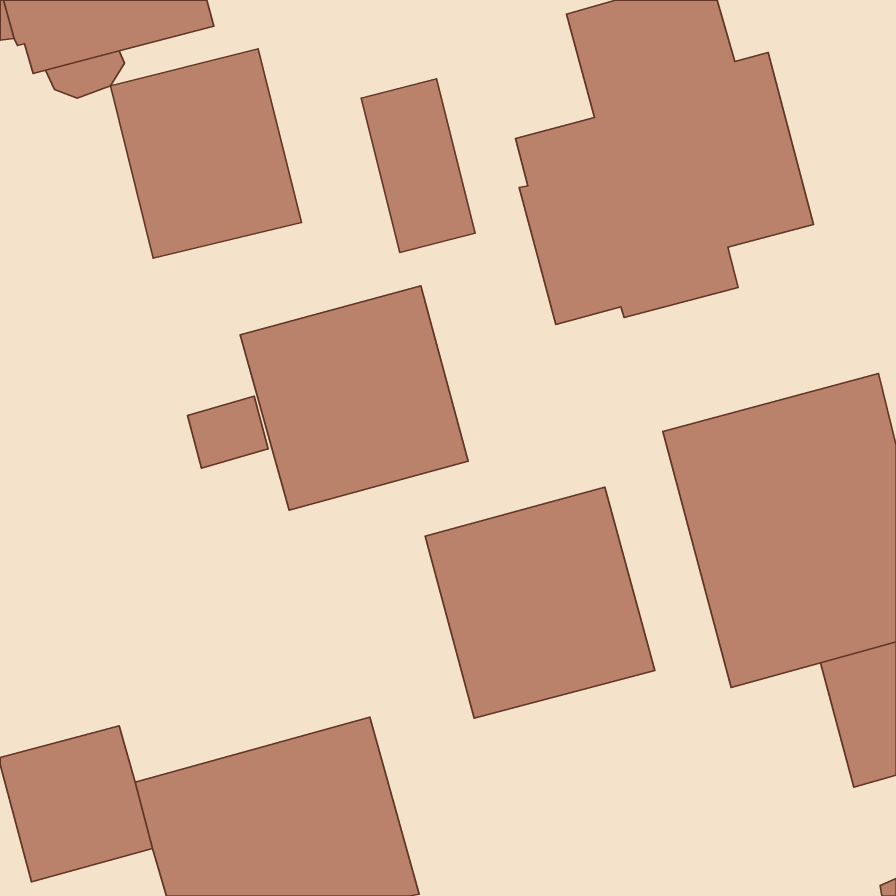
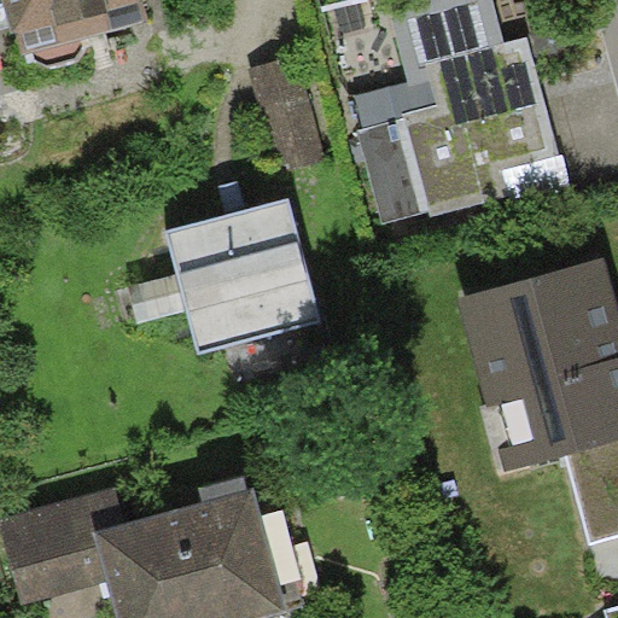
building: [110,49,301,258] -> none
building: [425,487,655,718] -> none

